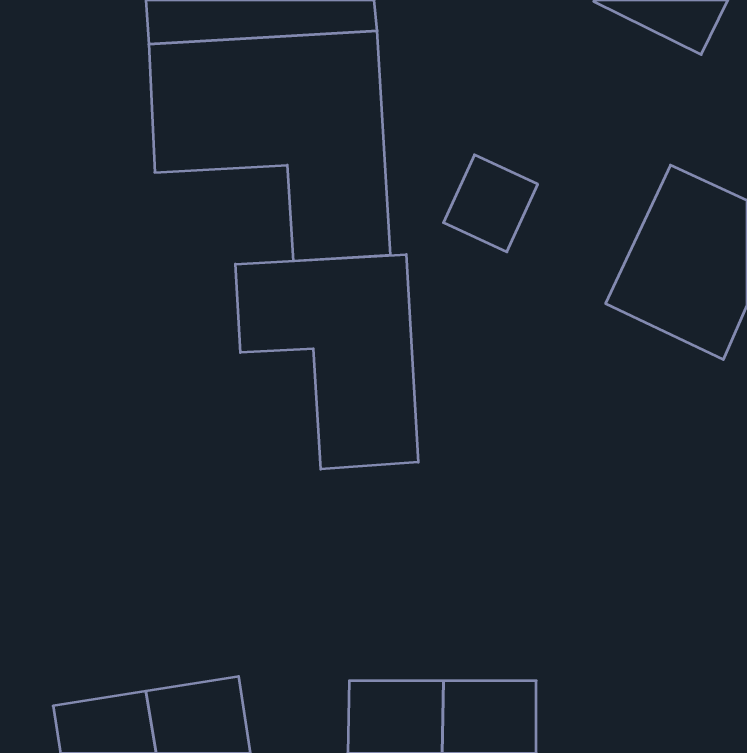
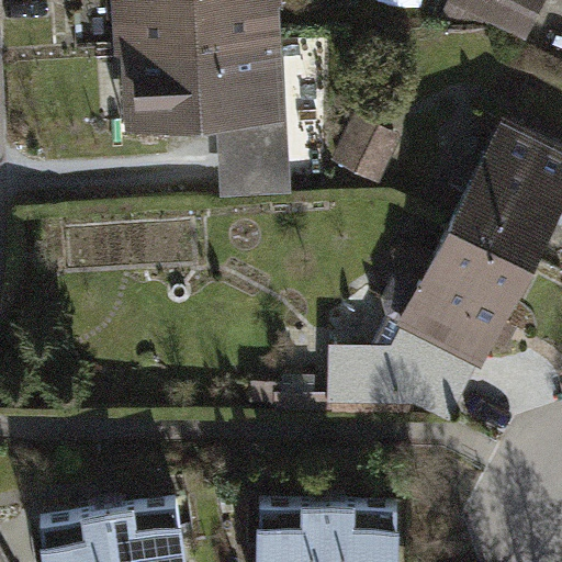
building: [235,254,418,469] -> none
building: none -> [262,226,539,428]

